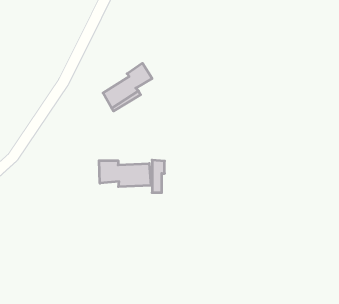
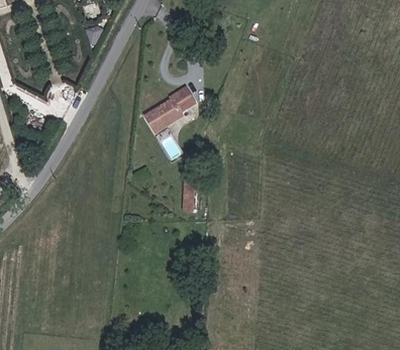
building: [99,161,151,187] -> none

